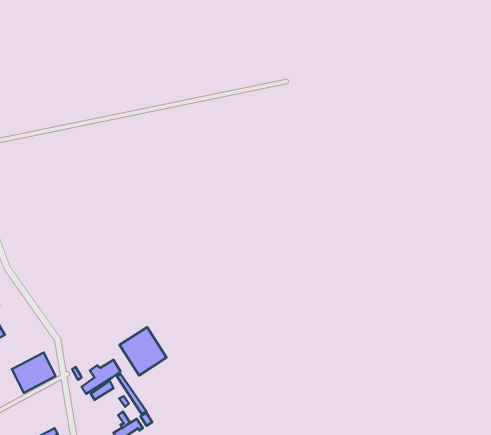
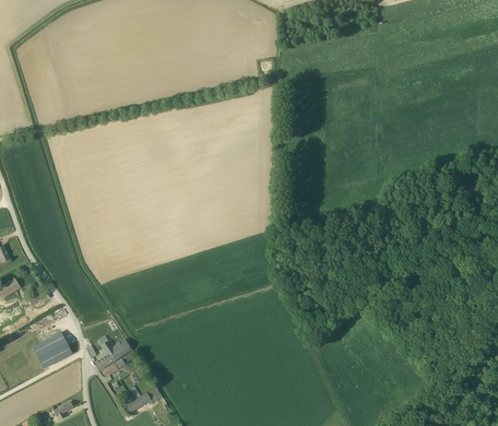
building: [120,327,167,376] -> none

